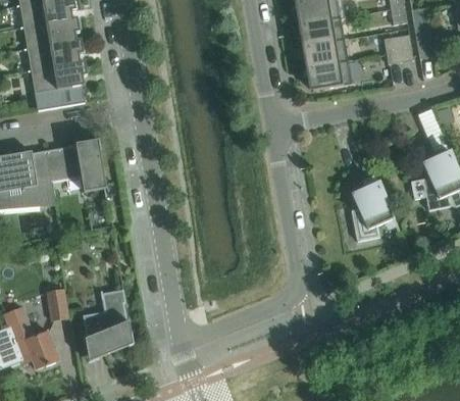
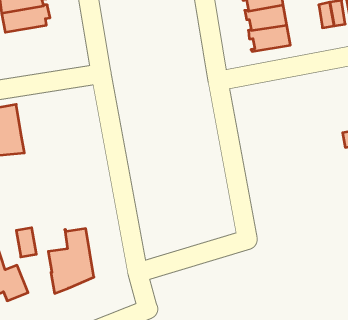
building: [34,60,87,109] -> none
building: [46,139,106,192] -> none
building: [351,168,394,241] -> none

